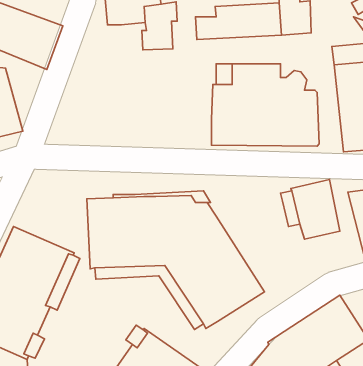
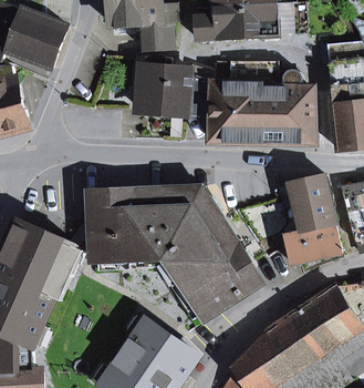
building: none -> [139,58,211,116]
building: none -> [284,225,341,265]

